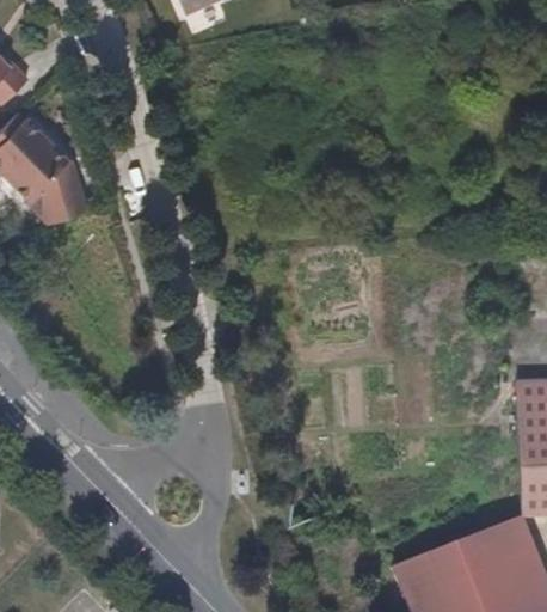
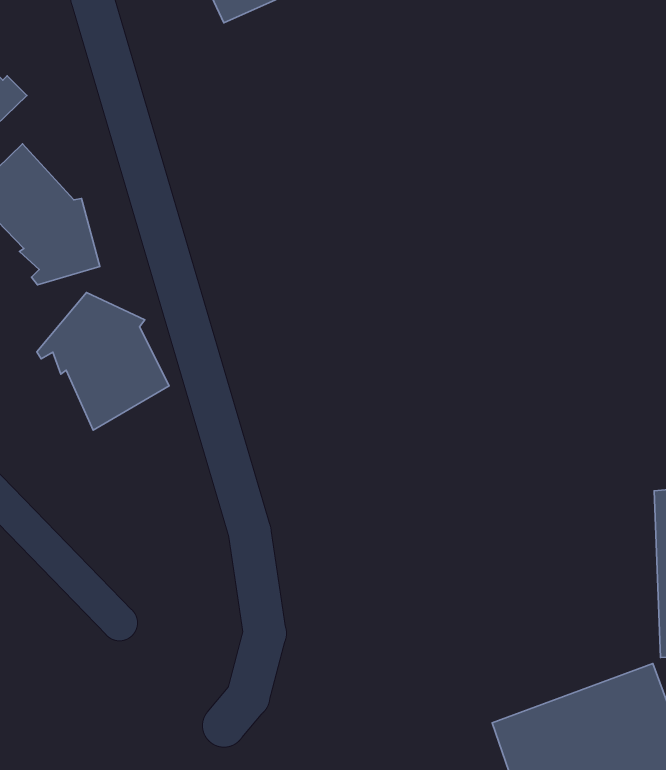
building: none -> [37,292,169,430]

